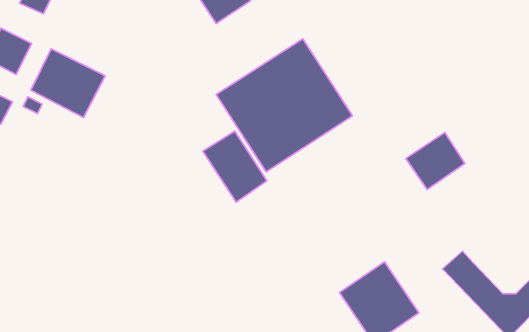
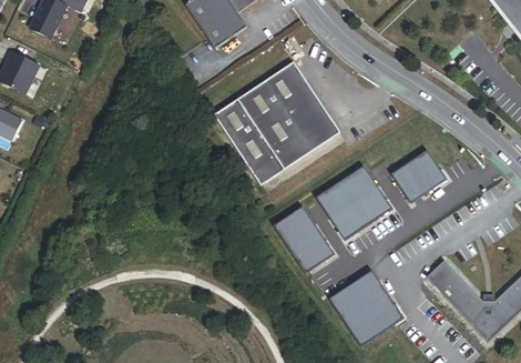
building: [31,49,105,117] -> none
building: [203,131,267,202] -> [273,205,333,272]
building: none -> [315,165,391,240]

